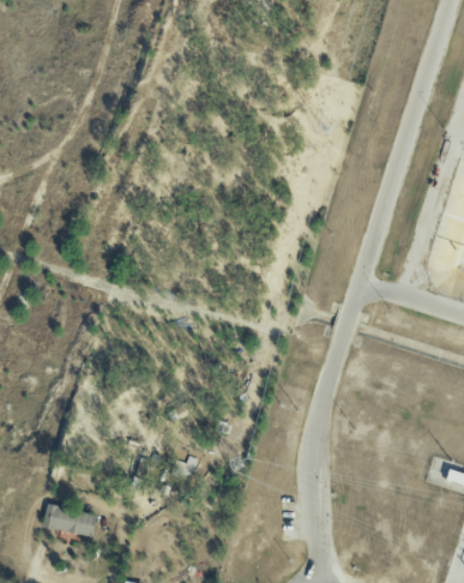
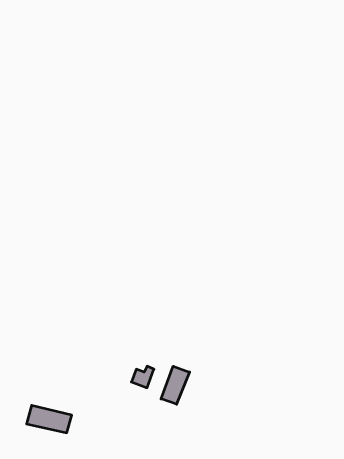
building: none -> [161,366,190,404]

